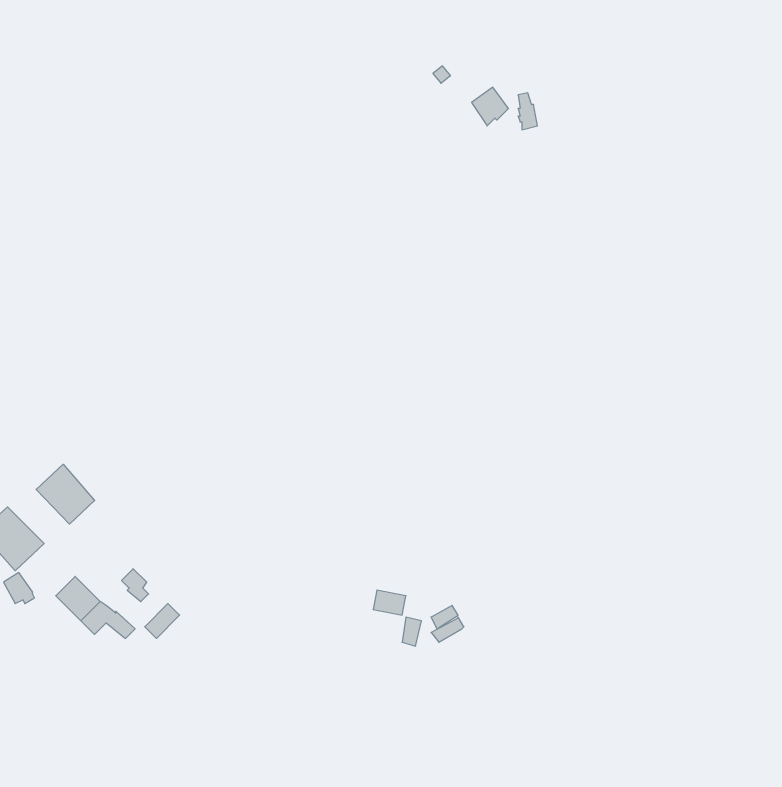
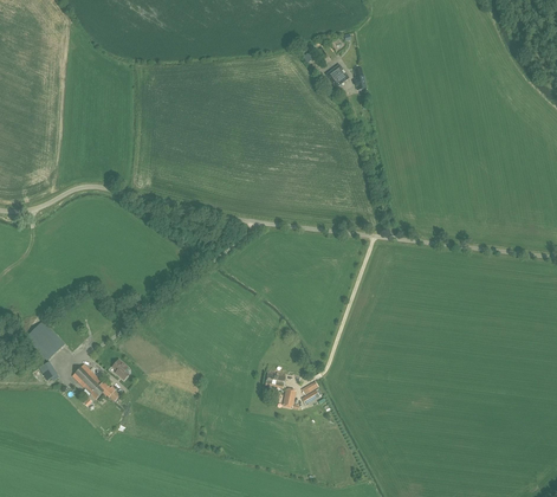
building: [36,464,95,524] -> none

